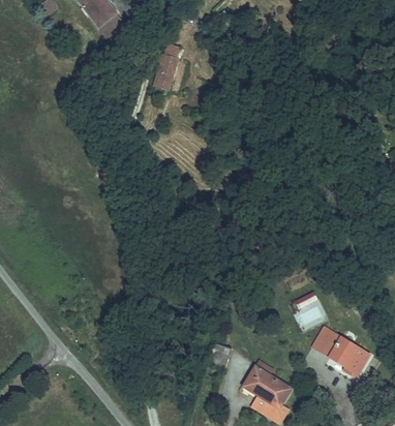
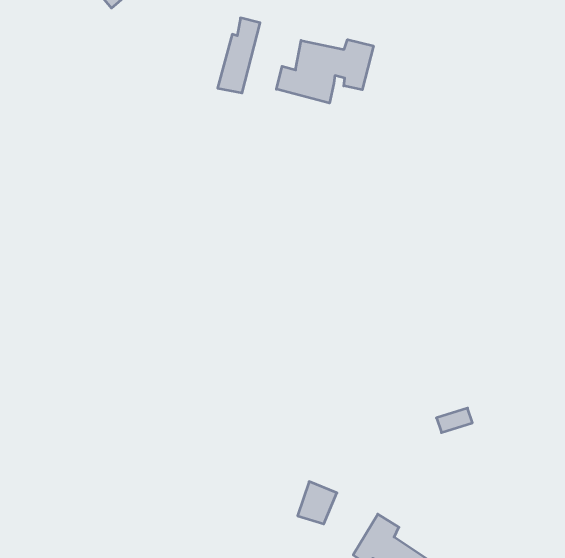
building: none -> [276,40,373,103]
building: [324,333,371,376] -> none

